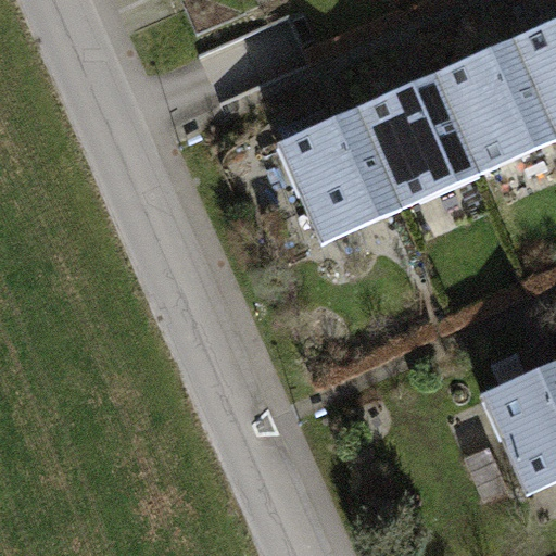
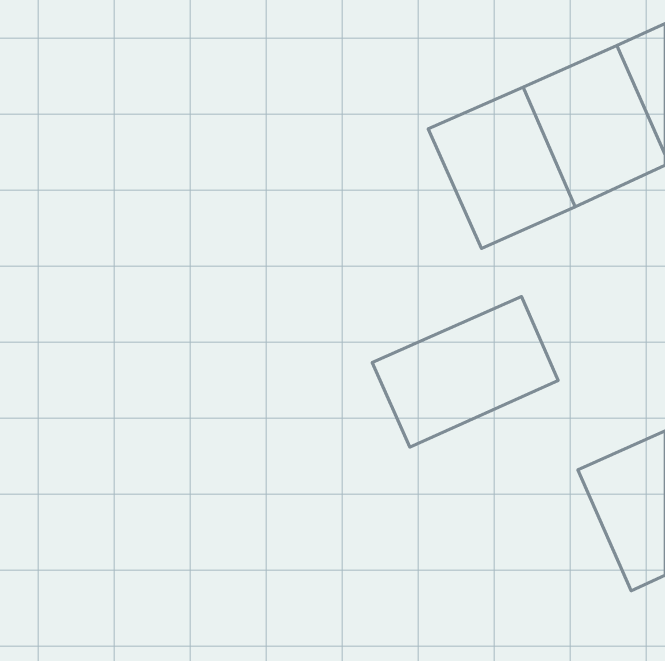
building: [278,108,402,242] -> none
building: none -> [372,297,558,447]

